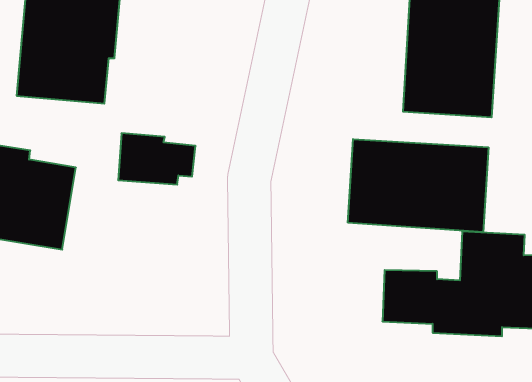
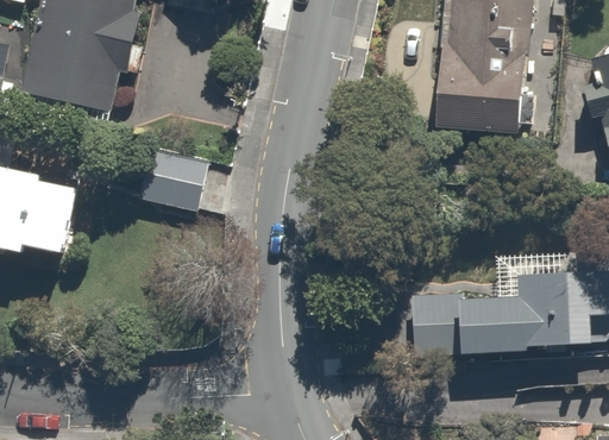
building: [348,139,488,232] -> none

